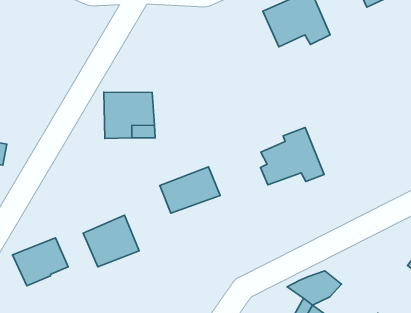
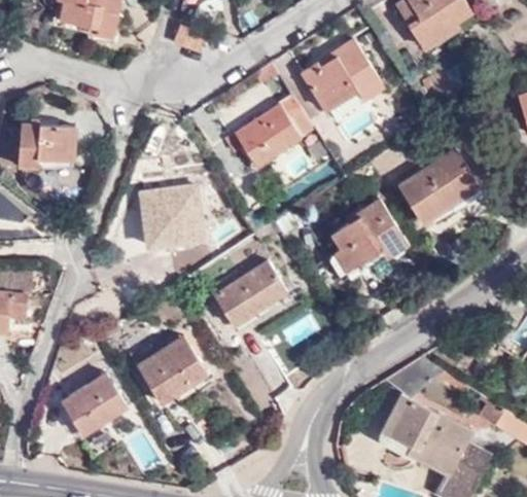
building: none -> [28,122,86,168]
building: none -> [232,112,318,166]
building: none -> [398,153,484,226]

